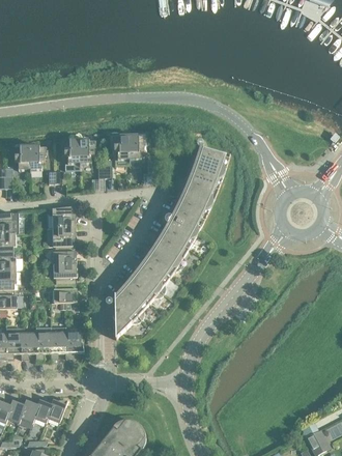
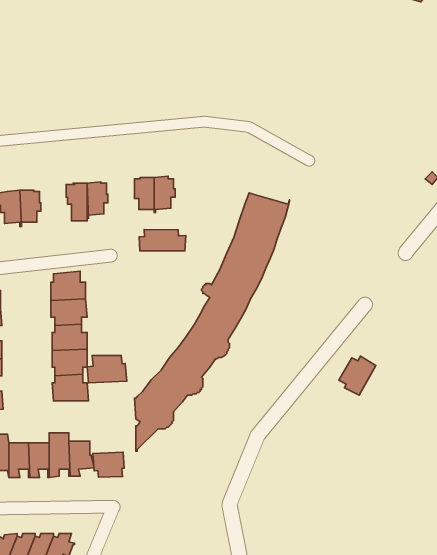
building: none -> [139,229,186,251]
building: none -> [87,355,127,383]
building: none -> [339,356,376,395]
building: none -> [93,452,124,477]

